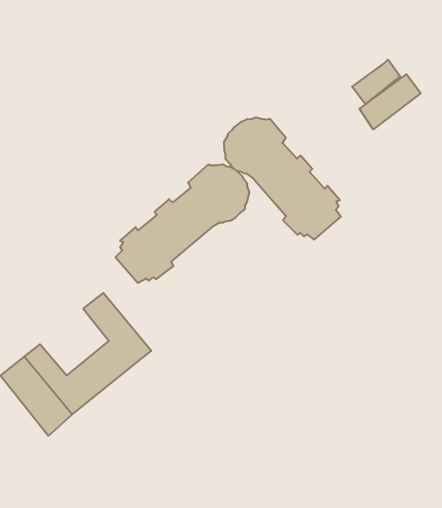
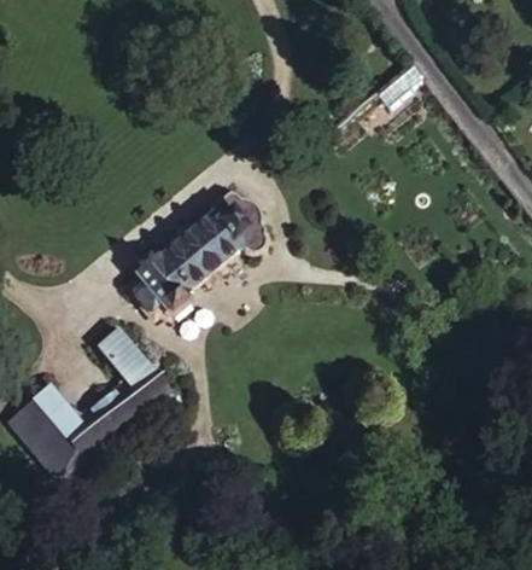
building: [359,74,421,129] -> none
building: [224,117,341,240] -> none

